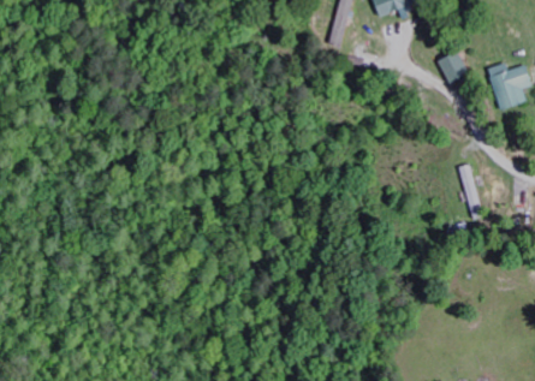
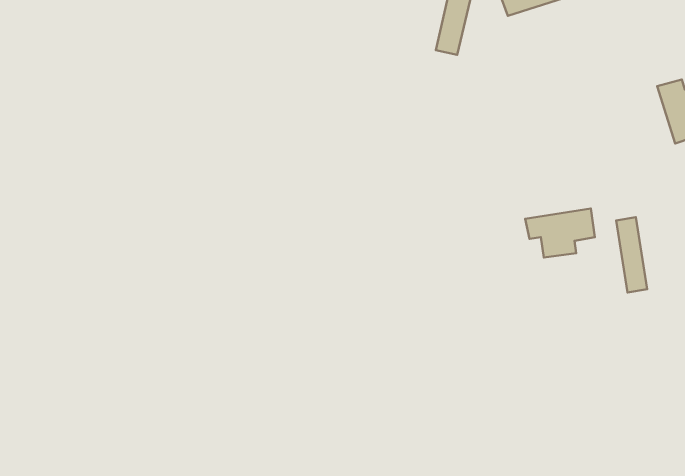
building: [440,52,470,83] -> none
building: none -> [525,208,595,258]

